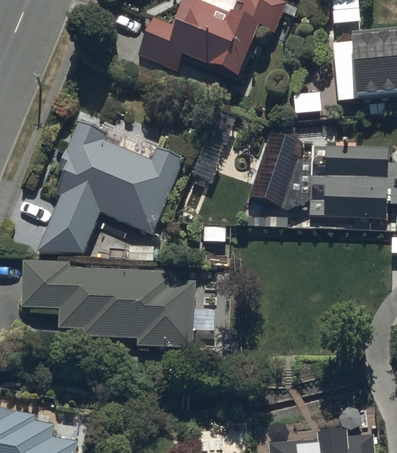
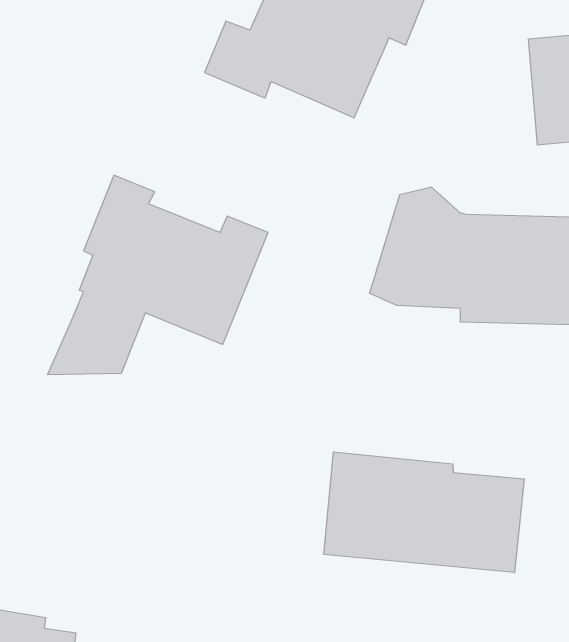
building: [21,261,194,345] -> none
building: none -> [324,452,524,573]

